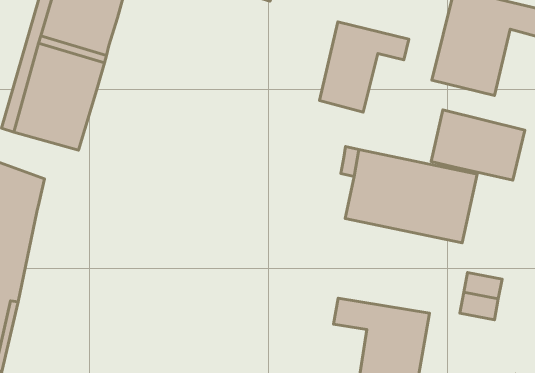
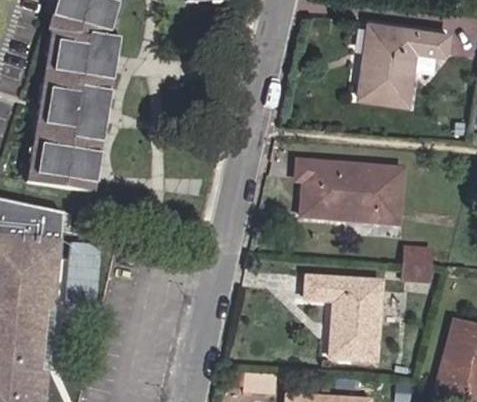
building: [319,22,409,112] -> none
building: [431,110,525,180] -> none

